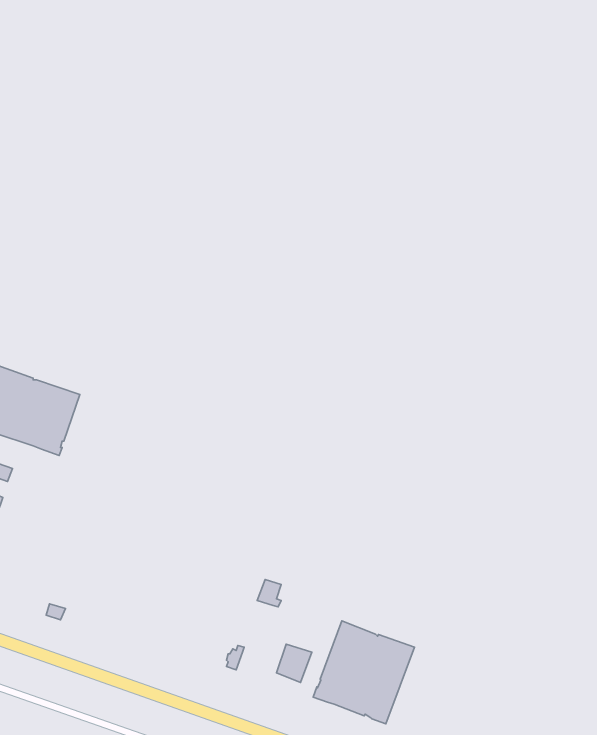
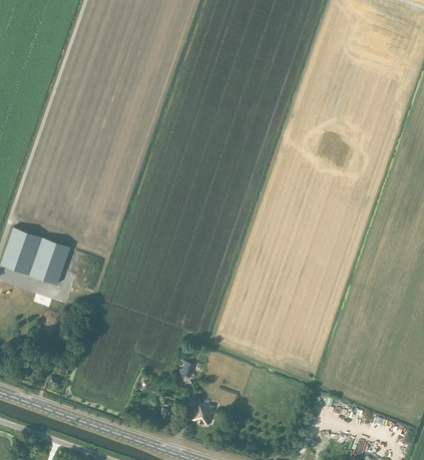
building: [313,621,414,724] -> none

